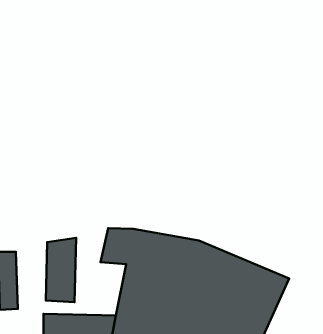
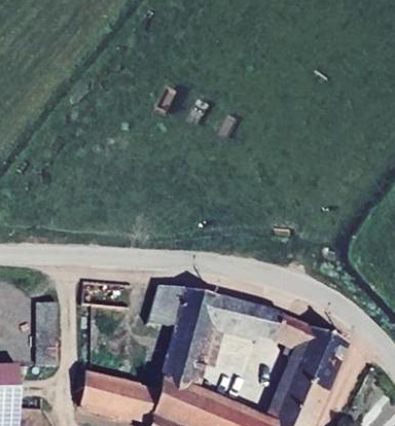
building: [46,238,76,302] -> none

